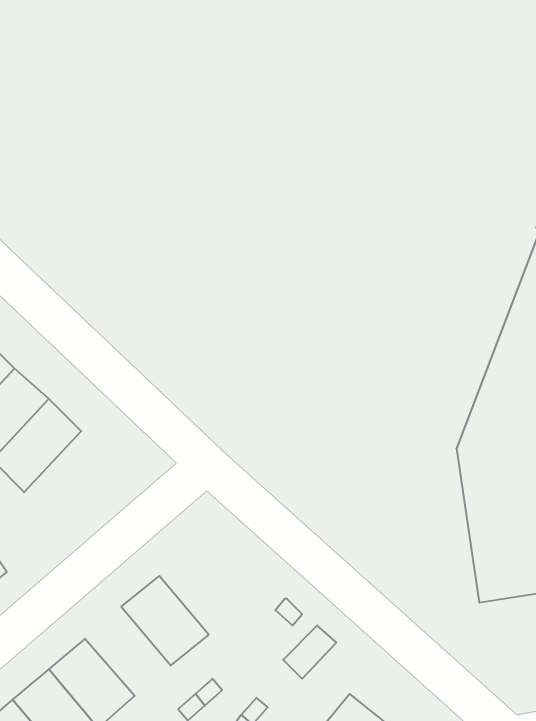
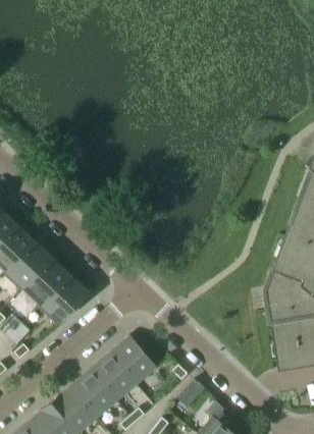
building: none -> [38,276,87,326]
building: none -> [110,336,156,385]
building: none -> [70,370,116,418]

